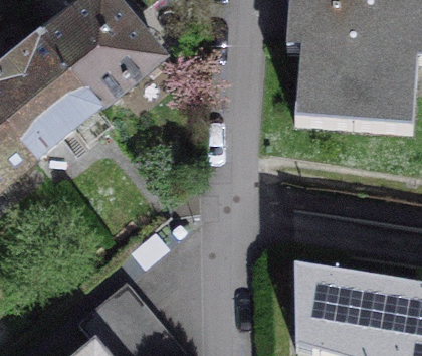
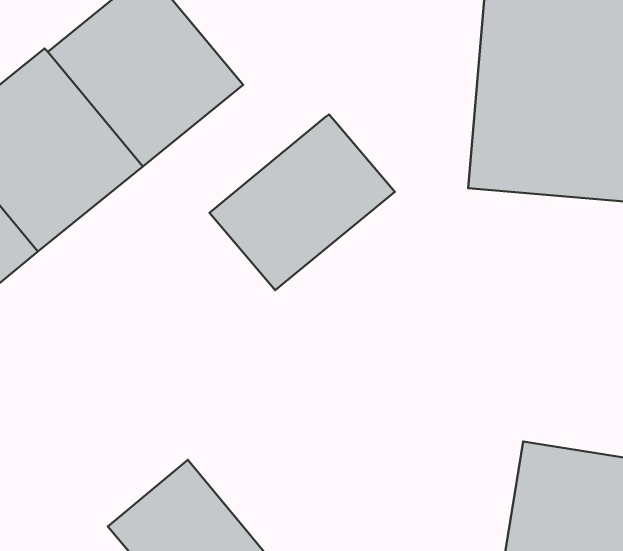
building: none -> [209,115,395,290]

